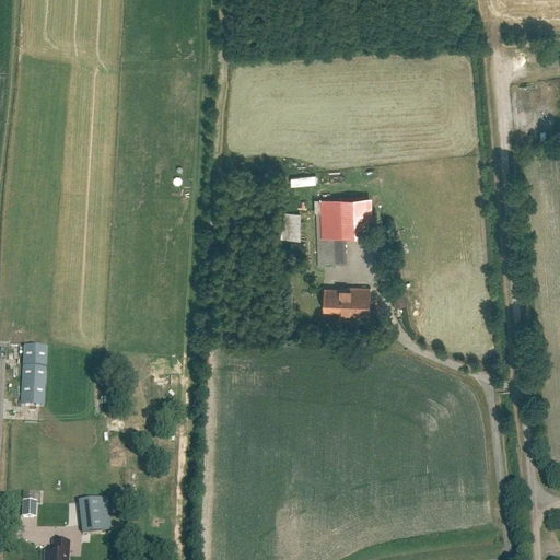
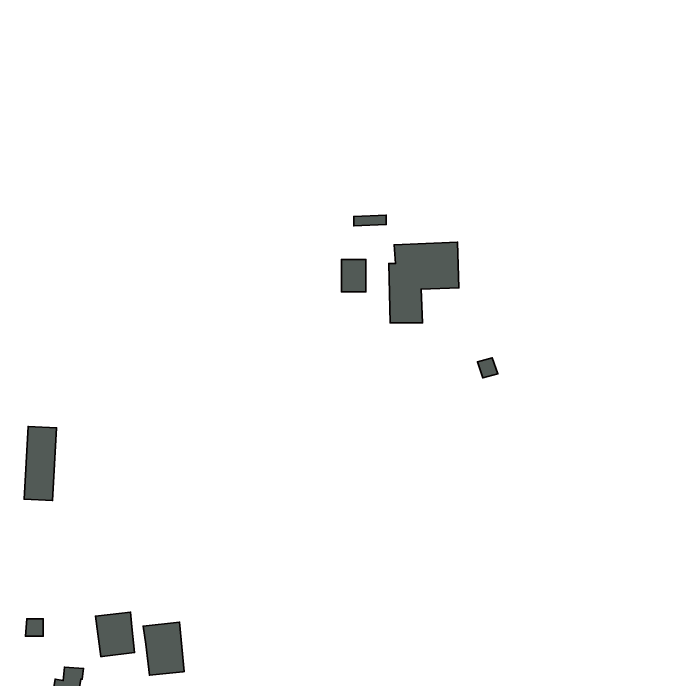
building: [323,290,370,315] -> none
building: none -> [143,622,184,675]

